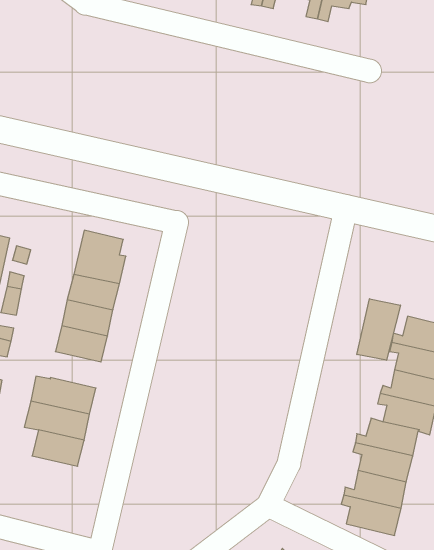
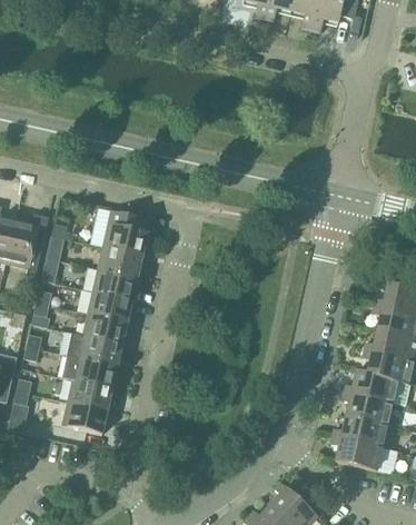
building: [357,299,400,360] -> none
building: none -> [83,314,127,345]
building: none -> [63,403,107,434]

